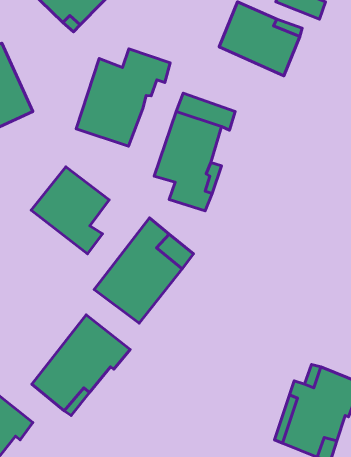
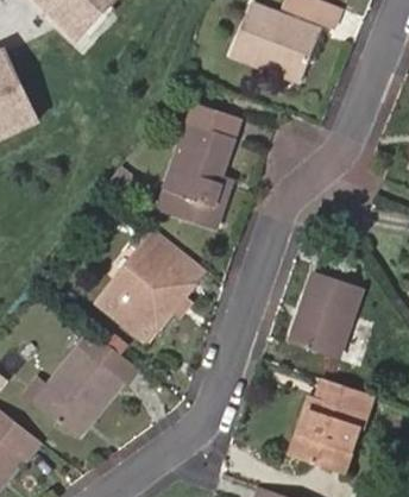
building: [76,49,170,146] -> none
building: [31,167,109,254] -> none
building: none -> [290,275,360,361]

